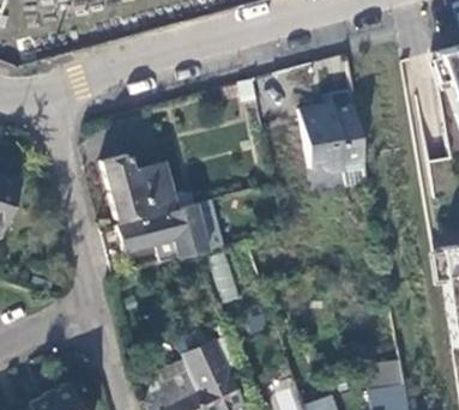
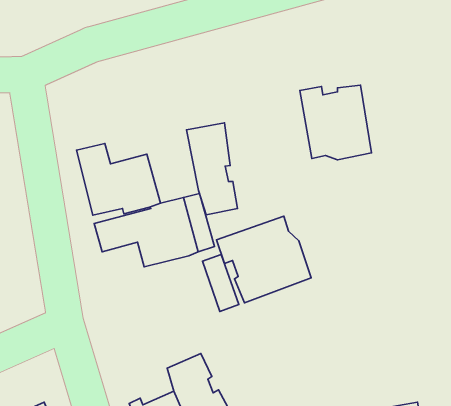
building: none -> [186,123,237,215]
building: none -> [216,216,311,303]

